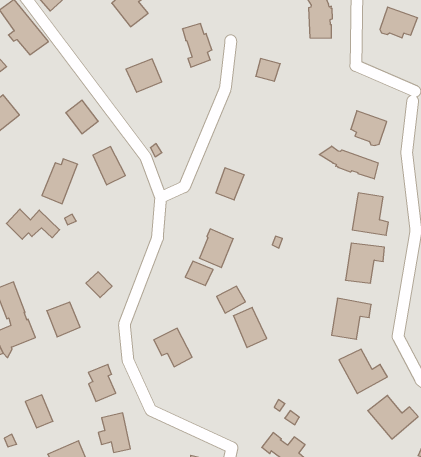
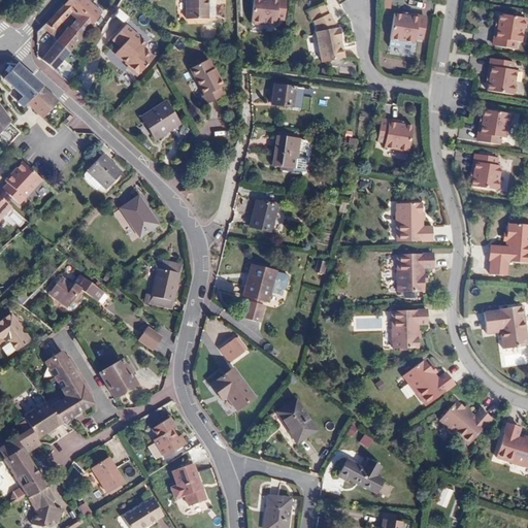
building: none -> [274,135,299,167]
building: [319,146,378,179] -> none
building: [42,159,78,204] -> [150,263,180,308]
building: [217,286,245,313] -> [218,335,248,364]
building: [233,307,267,348] -> [278,401,316,442]

